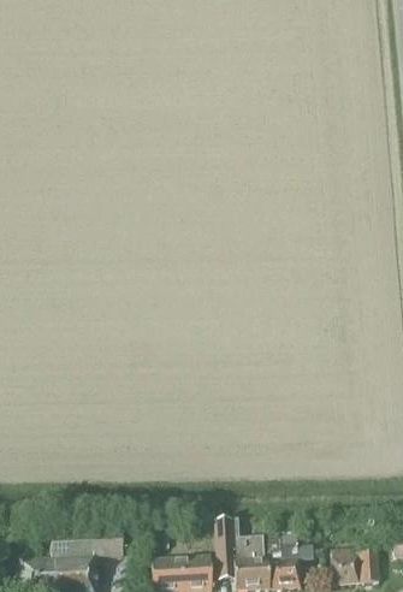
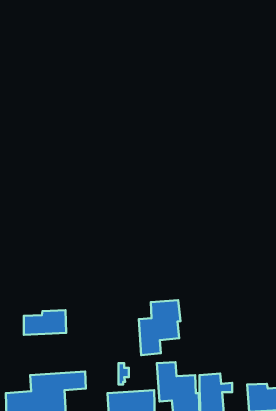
building: none -> [139,300,180,355]
building: none -> [24,310,66,335]

